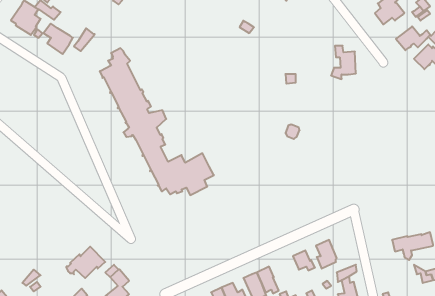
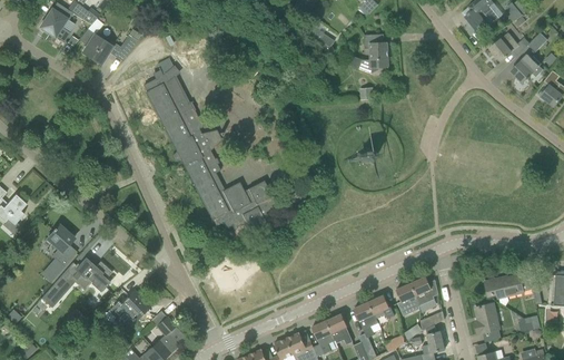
building: [331,46,356,79] -> [359,35,388,74]
building: none -> [47,223,76,266]
building: none -> [41,257,112,308]
building: none -> [412,275,438,303]
building: none -> [354,301,378,338]
building: none -> [475,303,502,341]

